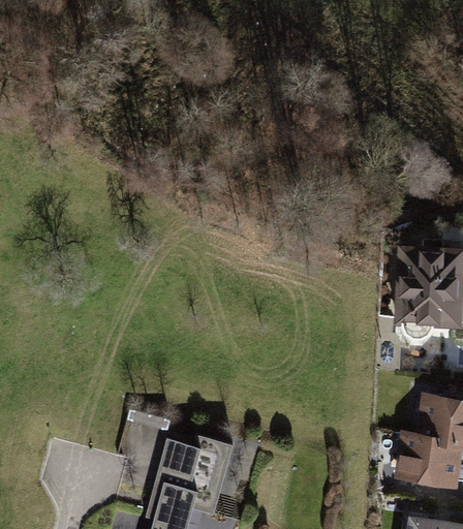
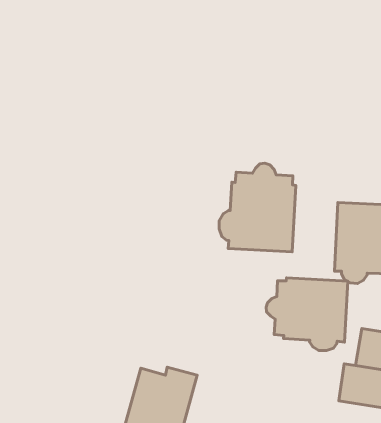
building: none -> [219,163,296,252]
building: none -> [266,278,348,351]

